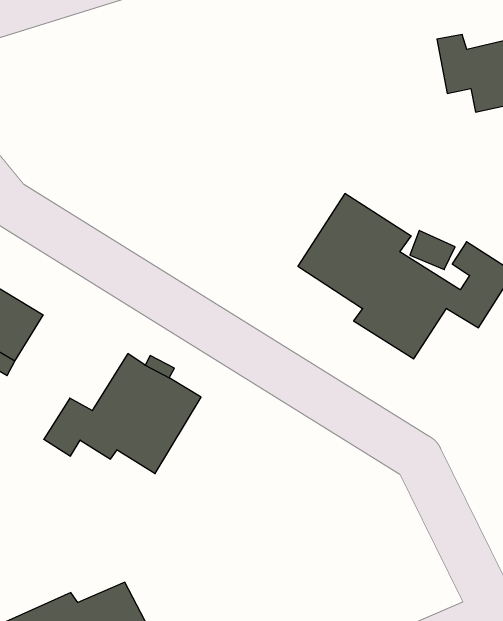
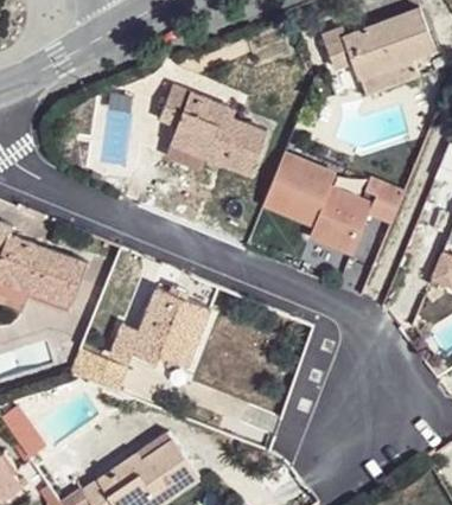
building: none -> [154,84,261,175]

